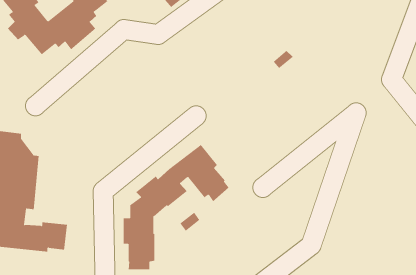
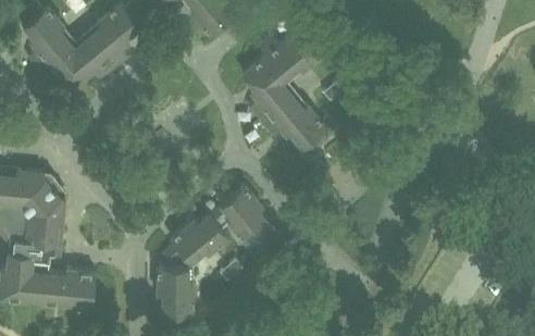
building: none -> [242,30,328,155]

